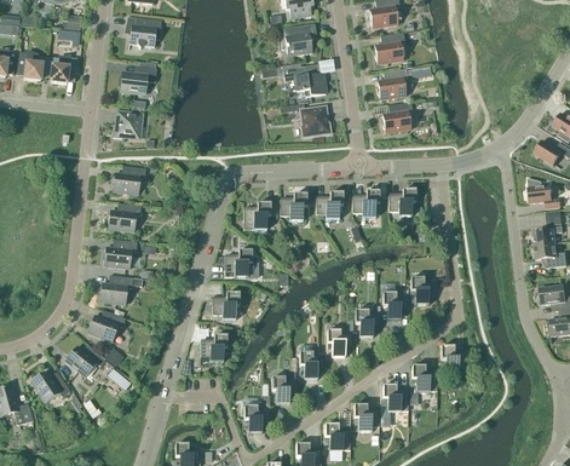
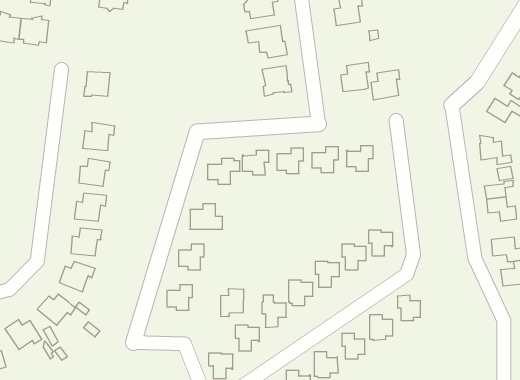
building: [120,65,156,93] -> none
building: [376,68,407,99] -> [371,70,400,100]
building: none -> [221,289,244,317]

